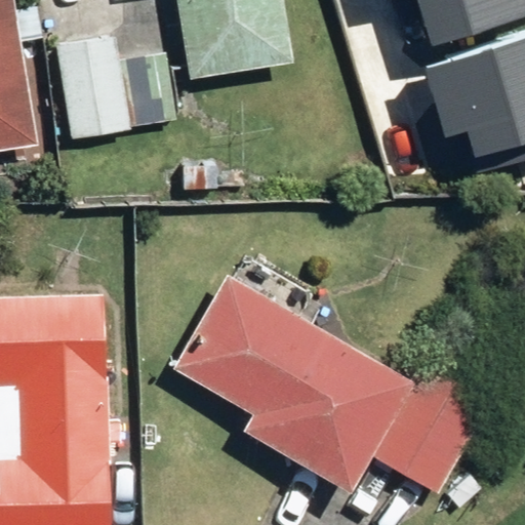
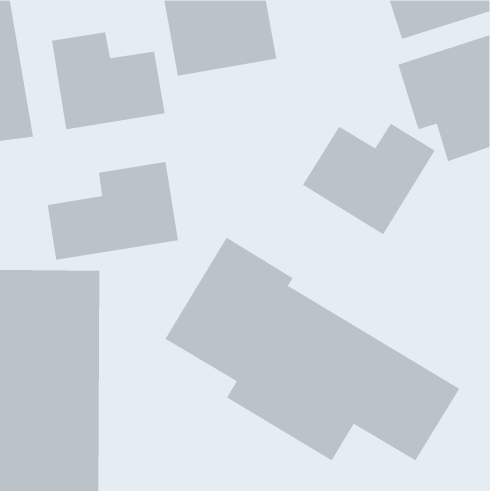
building: none -> [302,123,435,235]
building: none -> [47,161,179,260]

